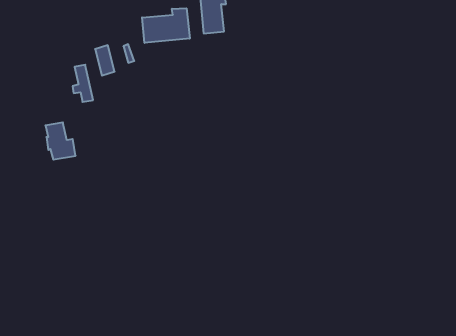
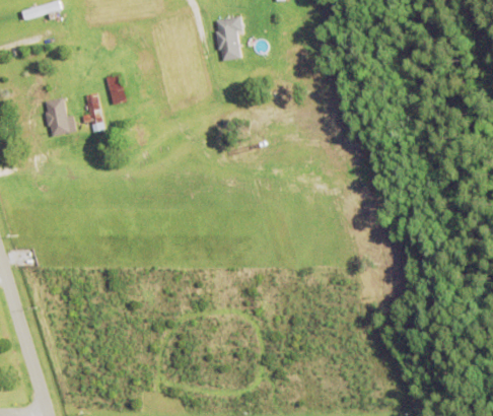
building: [142,8,190,43] -> none
building: [45,122,76,160] -> [45,97,76,136]

